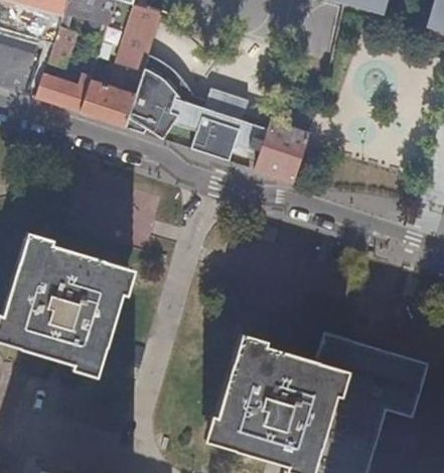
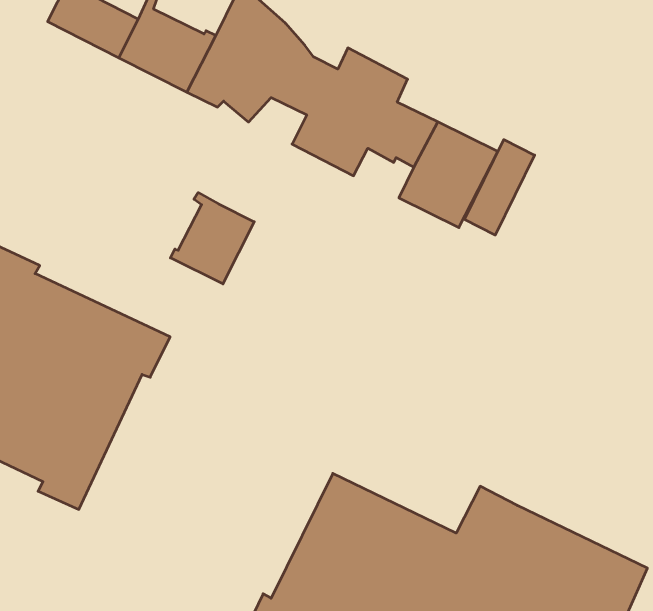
building: none -> [464,140,535,235]
building: none -> [170,193,254,284]

